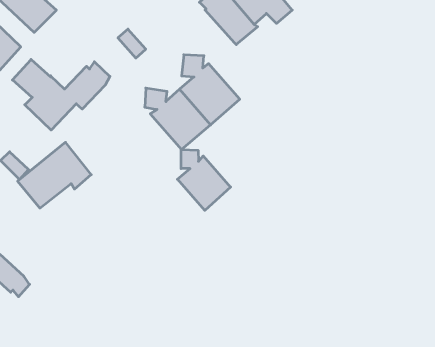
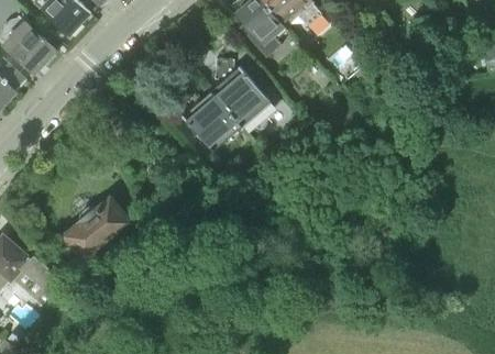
building: [12,59,110,130] -> none
building: [18,142,91,208] -> [61,197,133,262]
building: [177,149,231,210] -> none

